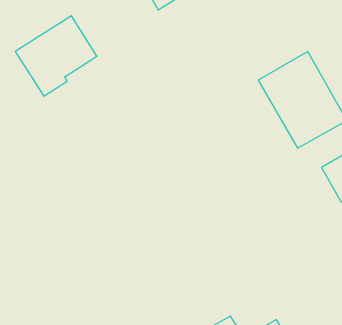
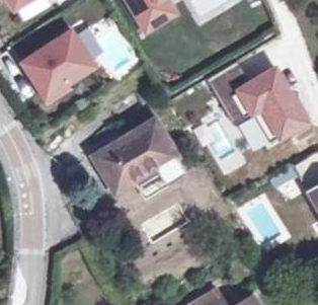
building: none -> [94,122,176,193]

